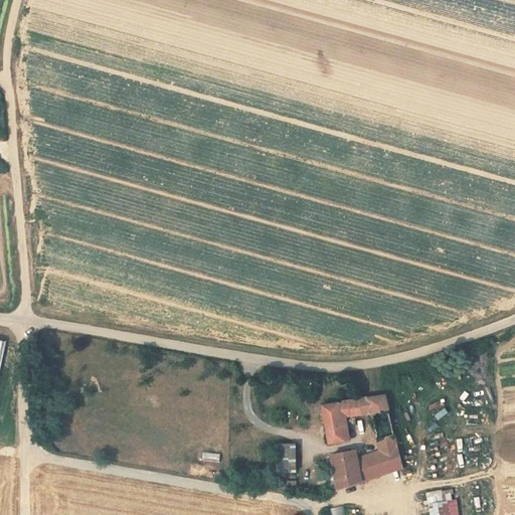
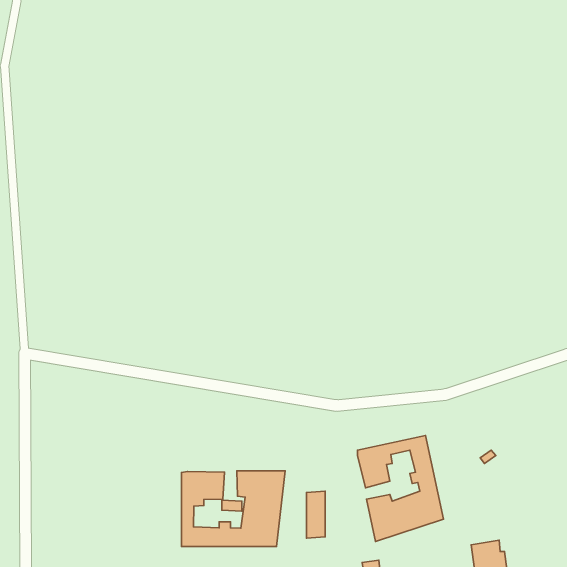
building: none -> [181,471,285,546]

